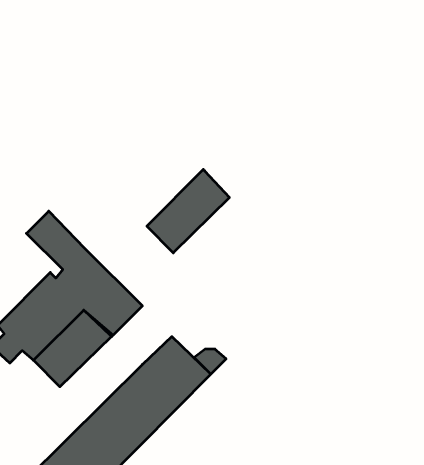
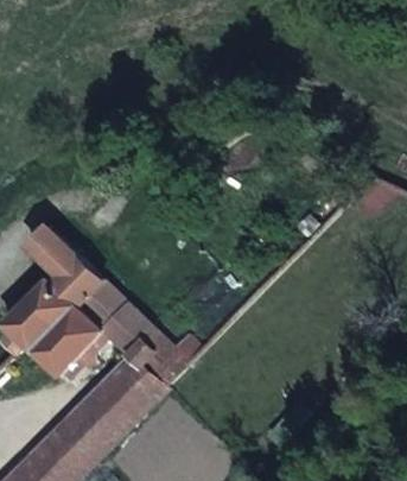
building: [147,169,229,253] -> none
building: none -> [102,305,152,355]

